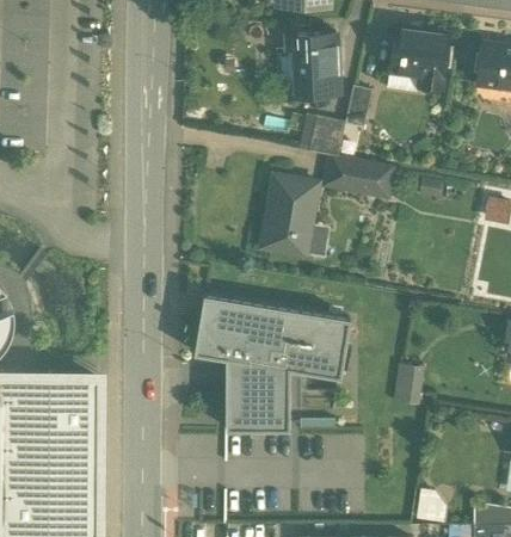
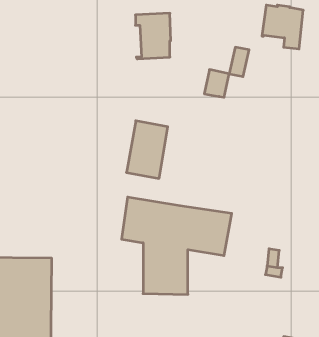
building: [288,35,337,98] -> [135,13,171,59]
building: [324,156,393,196] -> none
building: [260,177,318,257] -> [126,121,168,178]

